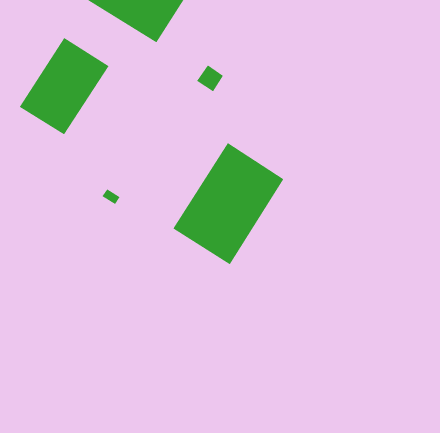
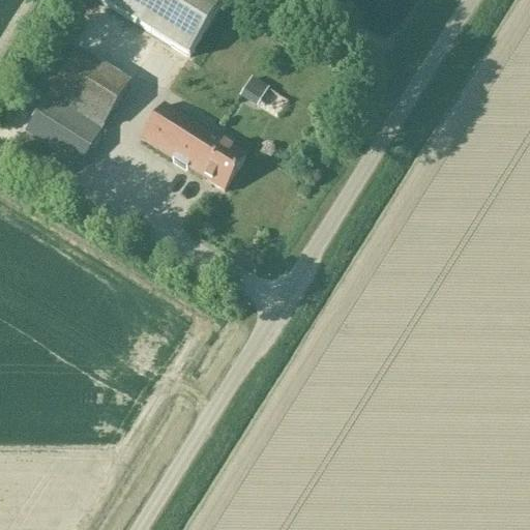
building: none -> [141,99,245,186]
building: [172,142,284,265] -> none

